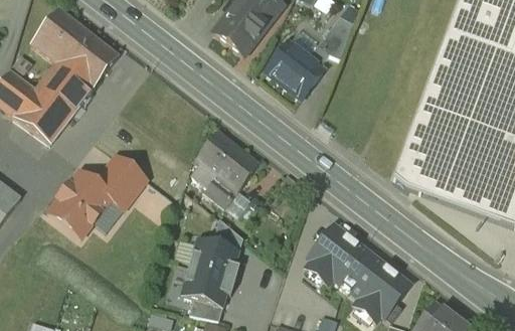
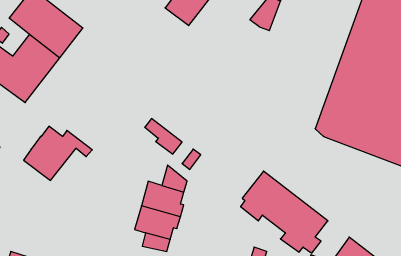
building: [267,41,324,98] -> none
building: [197,133,258,190] -> none
building: [101,155,147,199] -> none

